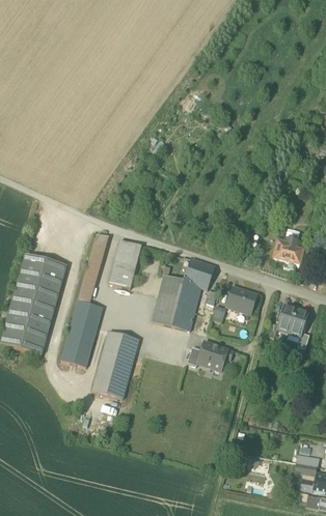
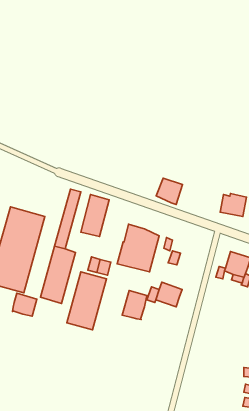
building: [184,258,215,289] -> [156,178,182,205]
building: [226,286,257,313] -> none
building: none -> [122,291,147,320]
building: none -> [12,293,37,316]

